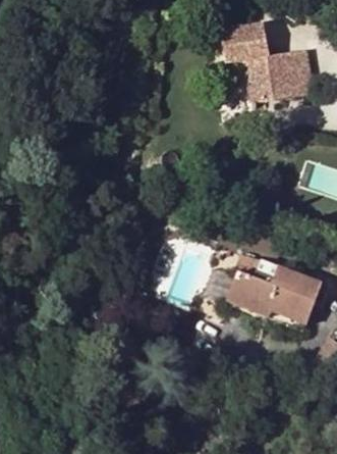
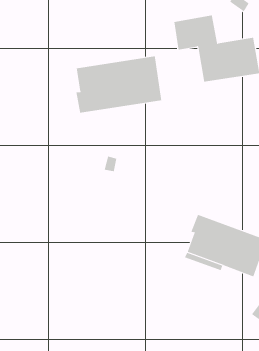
building: none -> [76,55,162,114]

